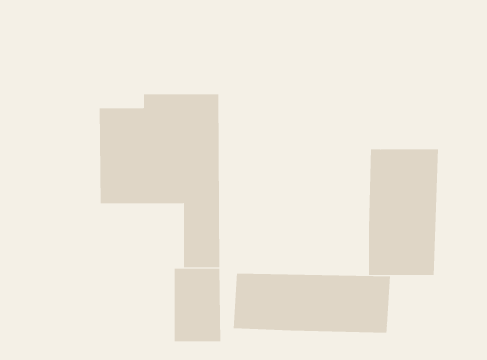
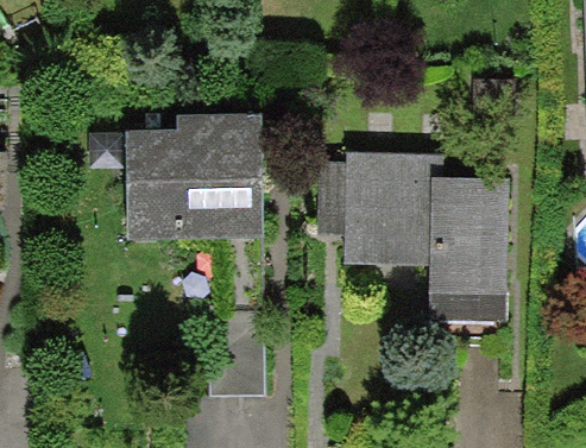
building: none -> [317,151,445,267]
building: [233,273,390,334] -> none

